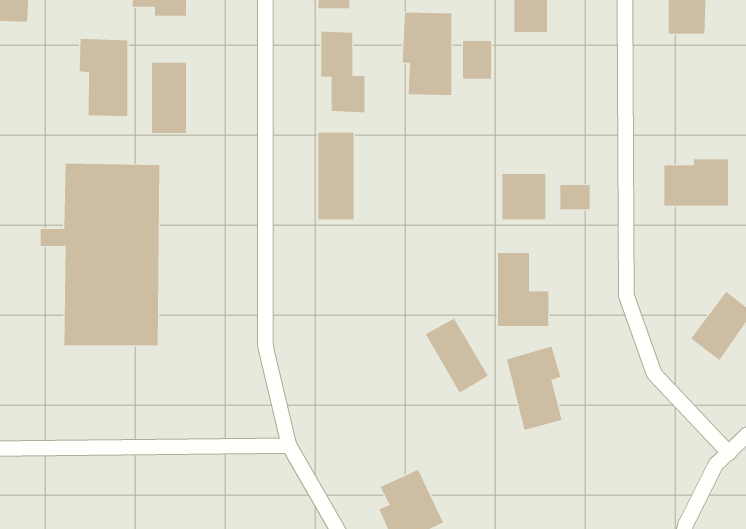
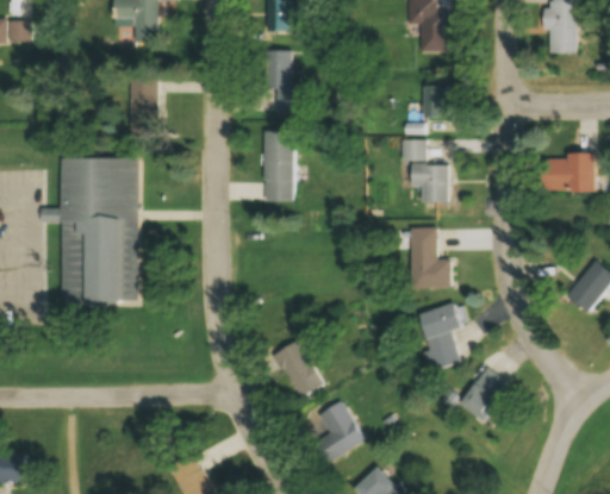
building: [402,12,452,96] -> none
building: [79,38,128,117] -> none
building: [462,41,492,79] -> [424,85,448,115]
building: [559,184,591,210] -> [403,139,428,160]
building: [425,318,489,394] -> [274,339,325,400]
building: none -> [459,367,510,420]

